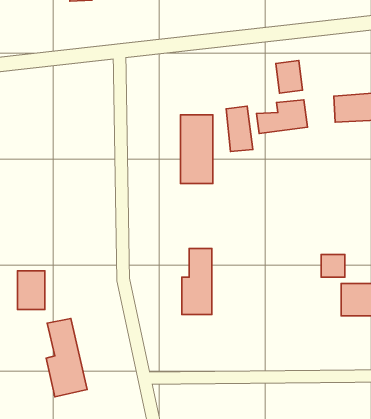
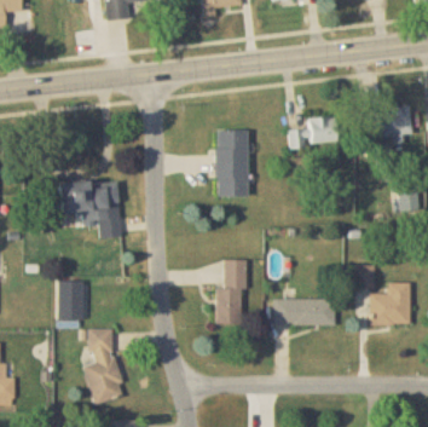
building: [276,61,302,93] -> none
building: [226,106,253,152] -> none
building: none -> [58,181,121,240]
building: none -> [273,300,335,325]

